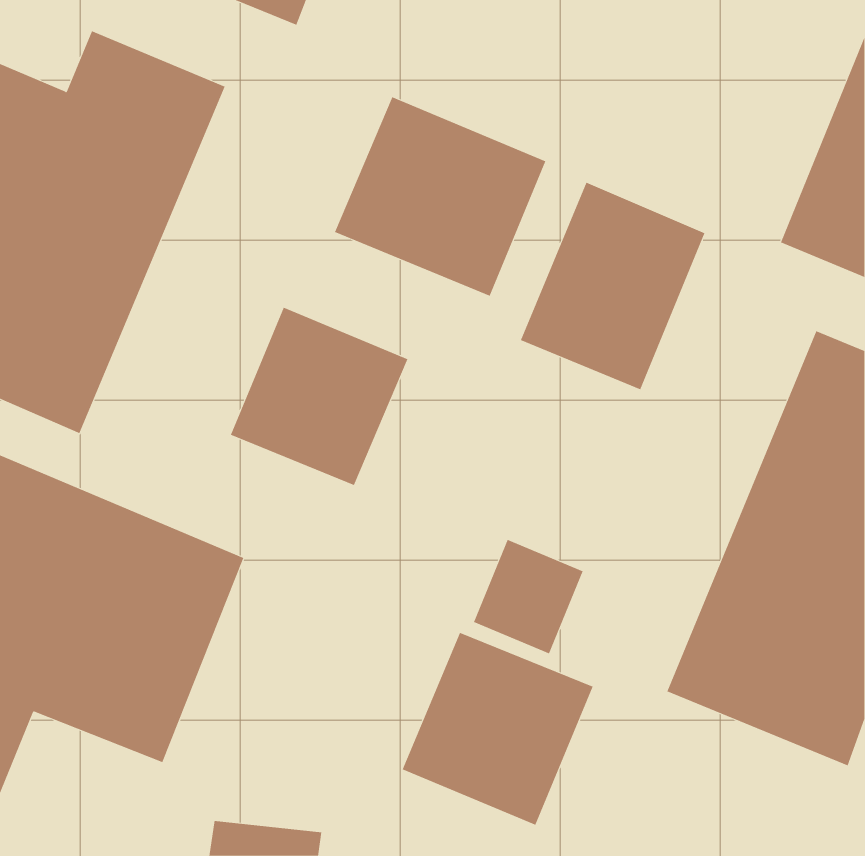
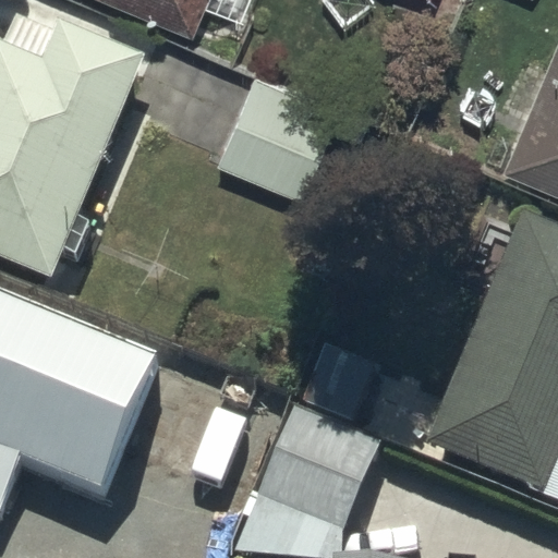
building: [520,182,705,390] -> none
building: [230,307,408,486] -> none

